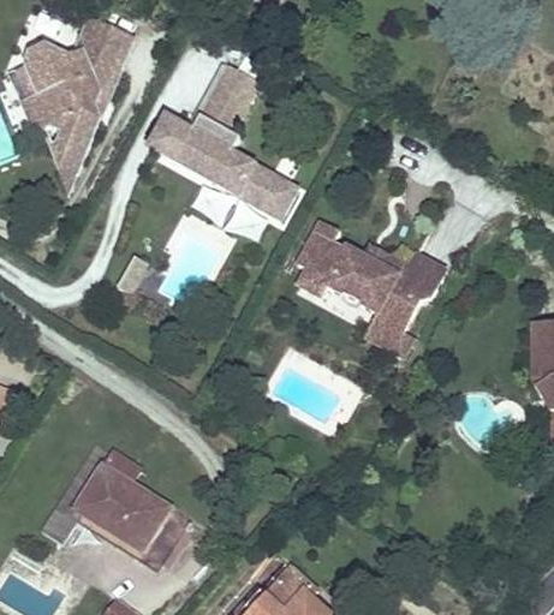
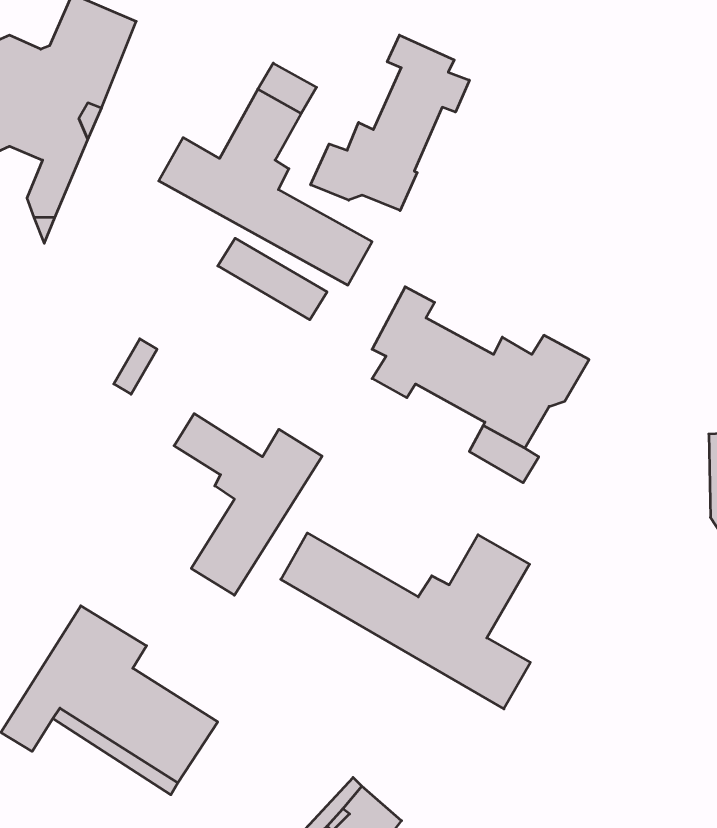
building: none -> [311,35,469,211]
building: none -> [174,414,322,595]
building: none -> [281,533,530,709]

